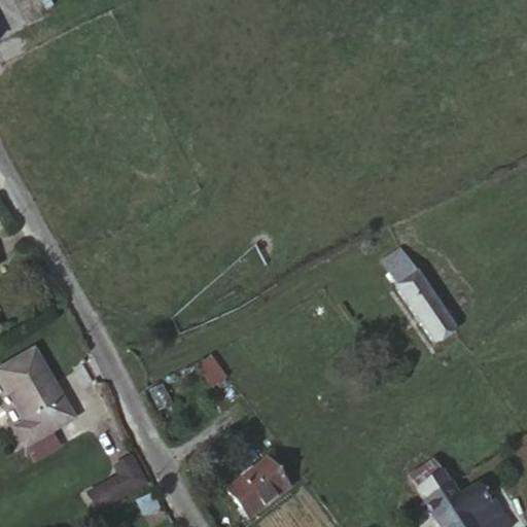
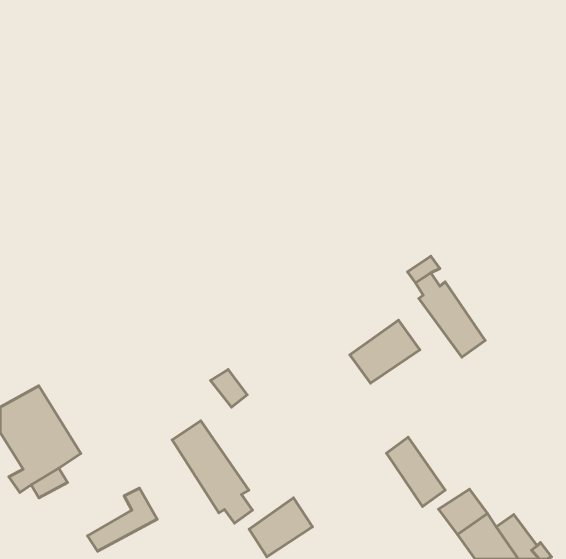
building: none -> [350,320,420,383]
building: none -> [172,421,252,523]
building: none -> [386,437,445,506]

